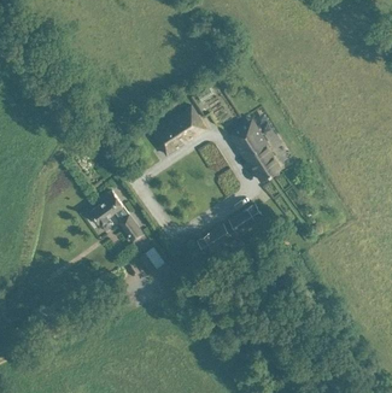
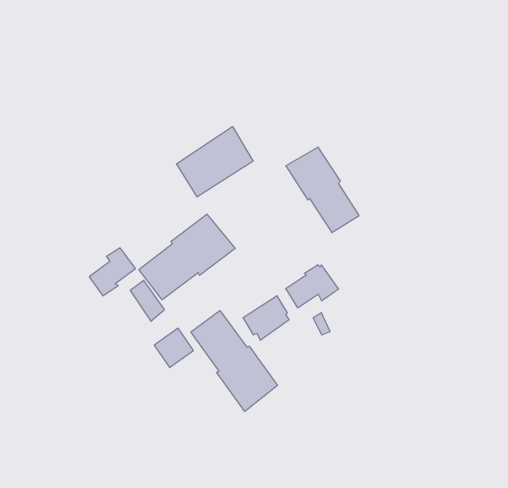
building: none -> [139,214,235,300]
building: none -> [191,311,277,412]

